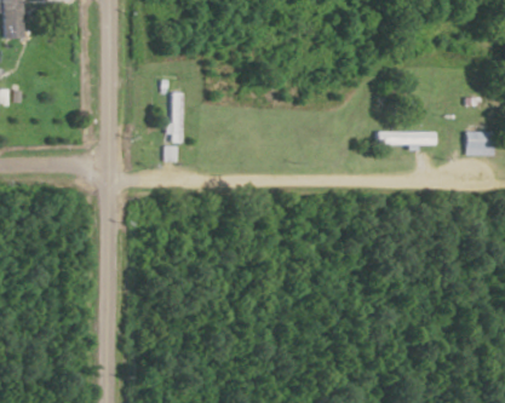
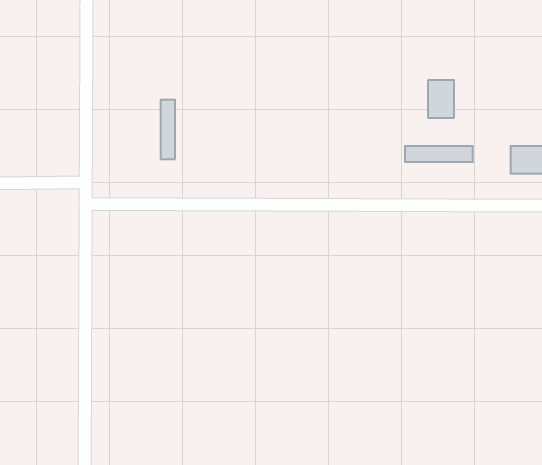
building: none -> [428,80,454,118]

